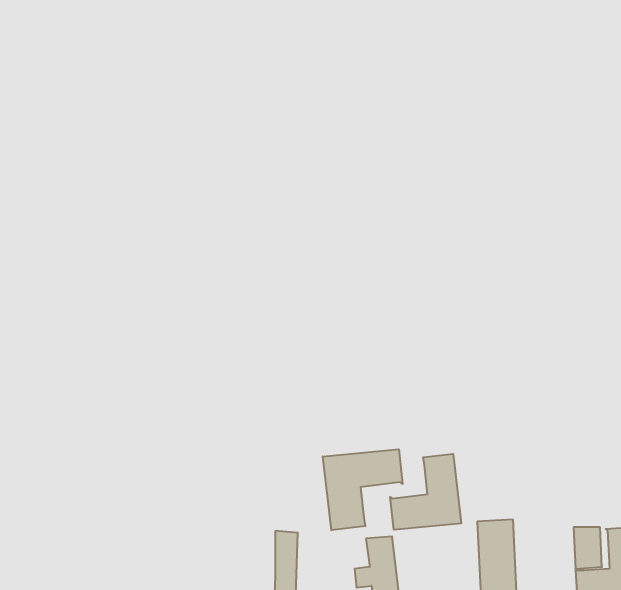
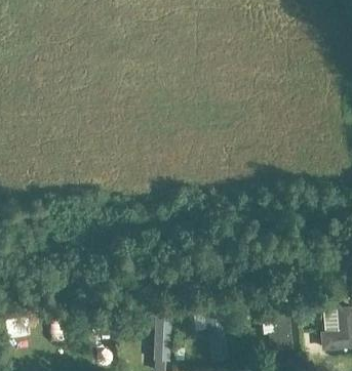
building: [323,449,403,530] -> none
building: [390,454,461,530] -> none

